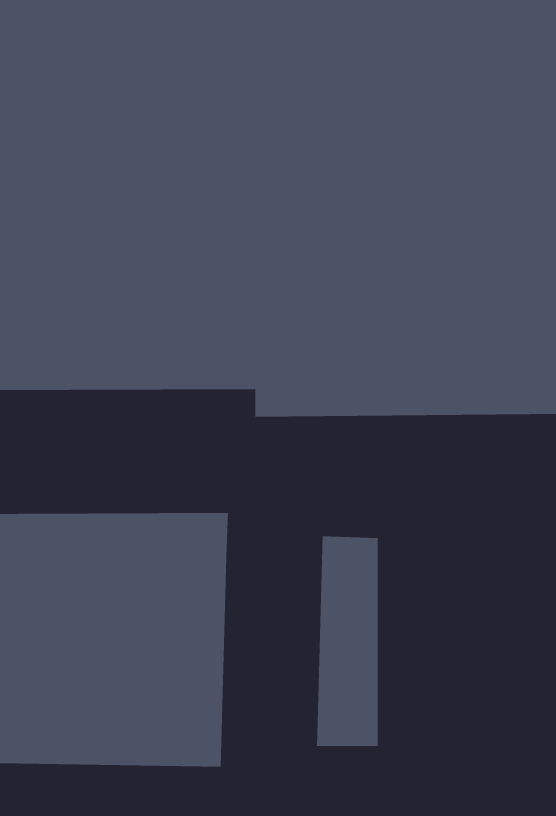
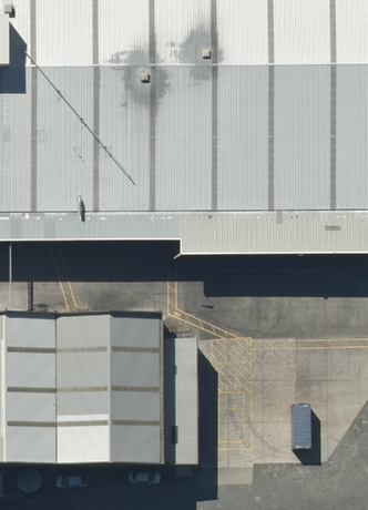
building: [316,536,378,747] -> [160,338,197,466]

